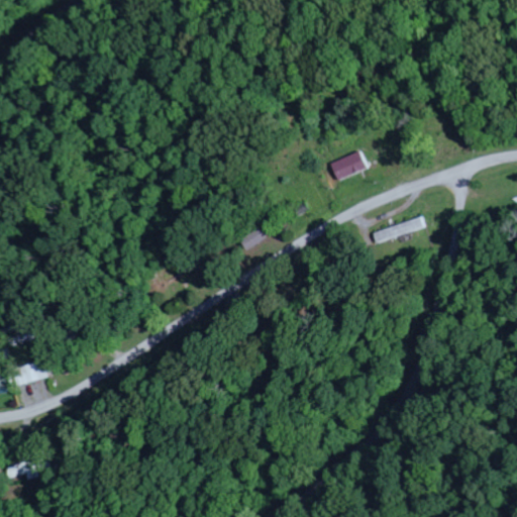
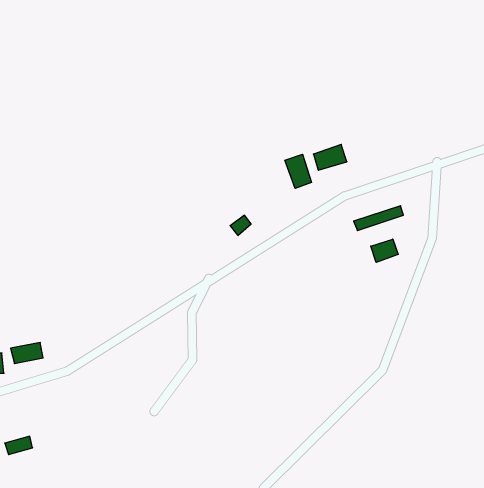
building: none -> [285,154,312,188]
building: none -> [371,239,398,262]

